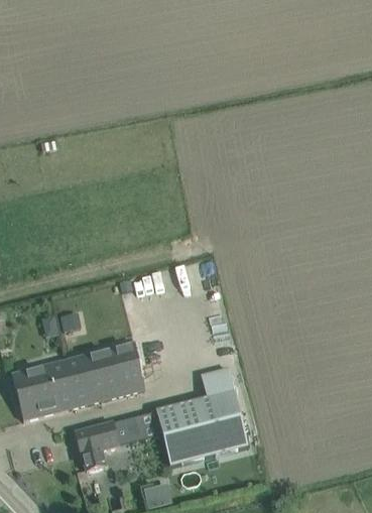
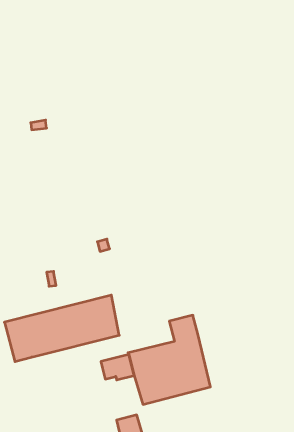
building: [75,422,120,471] -> none

